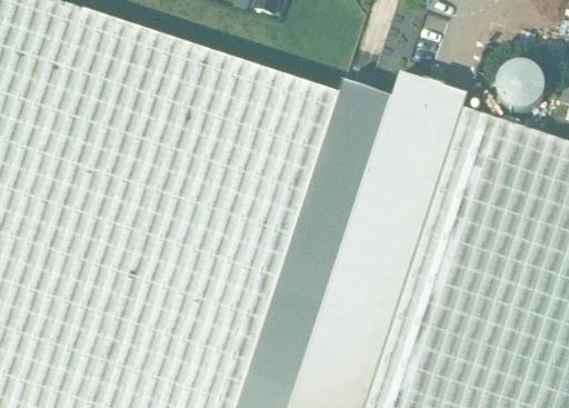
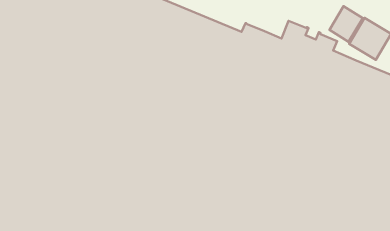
building: none -> [329,6,363,42]

